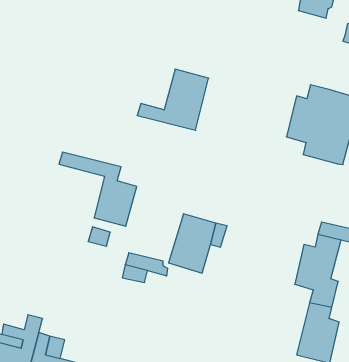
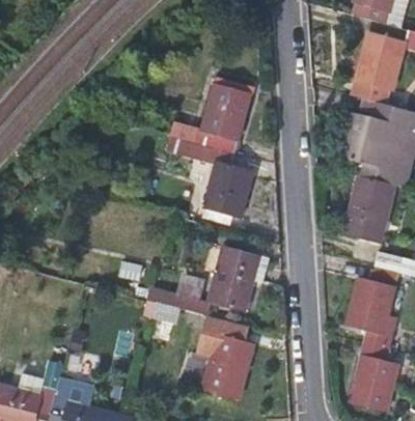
building: none -> [351,35,404,105]
building: [59,152,137,226] -> [167,134,254,217]
building: none -> [343,177,395,243]
building: none -> [201,314,254,399]

